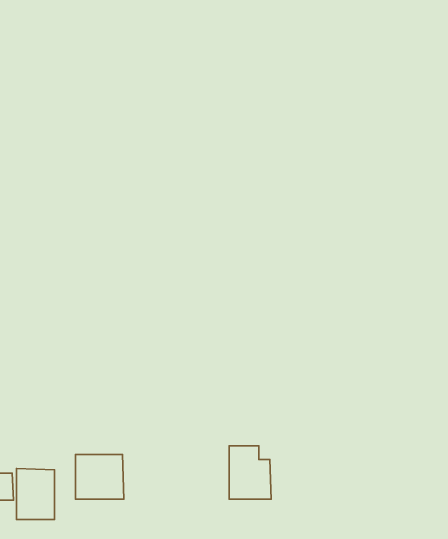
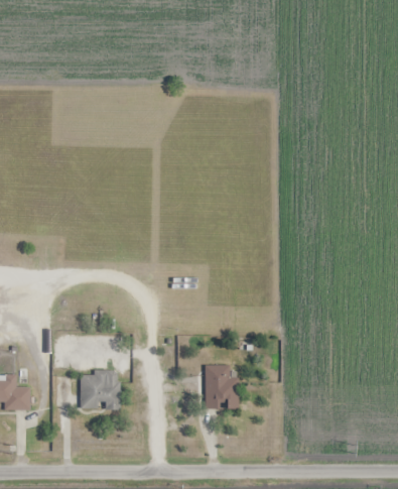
building: [17,469,55,519] -> none

